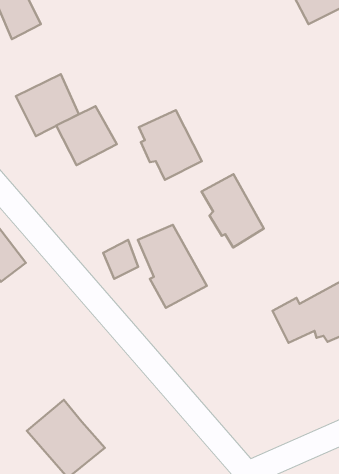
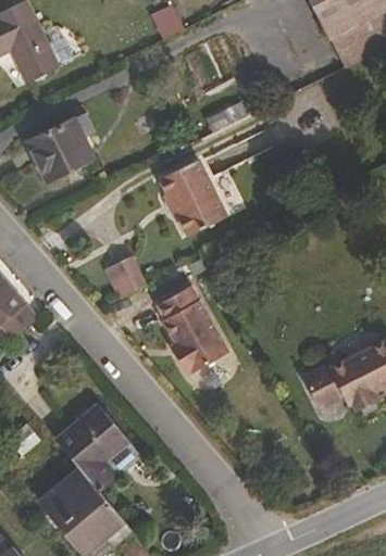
building: [56,106,117,165] -> none
building: [202,174,264,247] -> none
building: [103,240,138,279] -> [99,256,137,299]
building: none -> [53,405,129,494]

